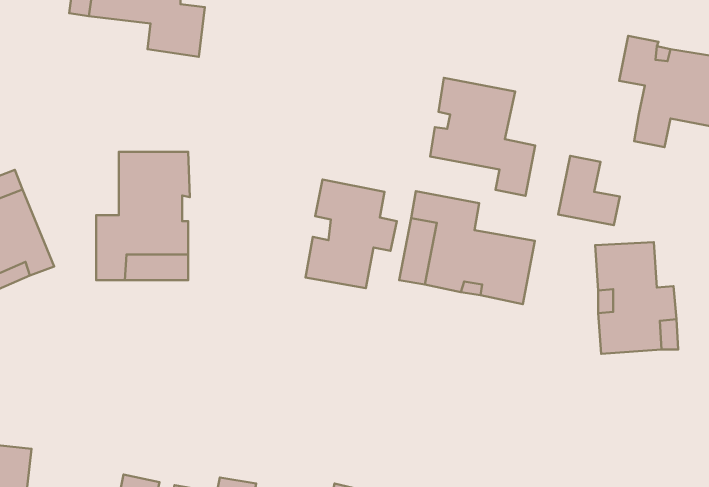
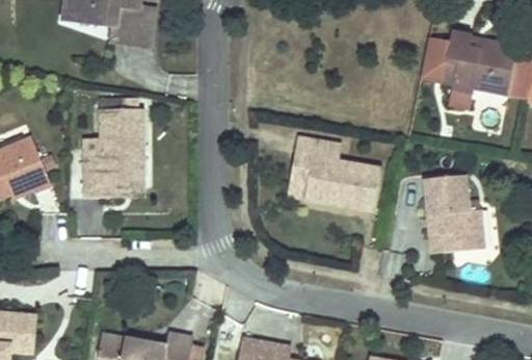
building: [430,78,535,196] -> none
building: [558,156,620,225] -> [417,35,459,83]
building: [305,180,397,288] -> none

